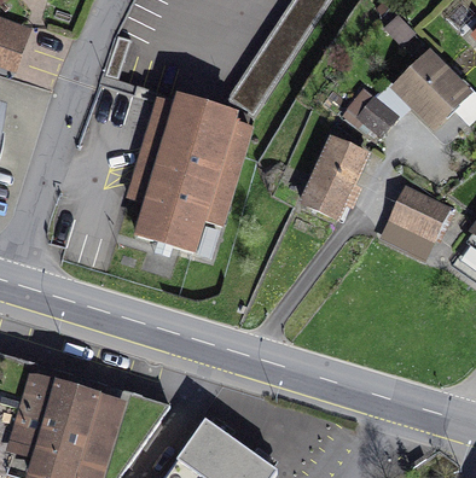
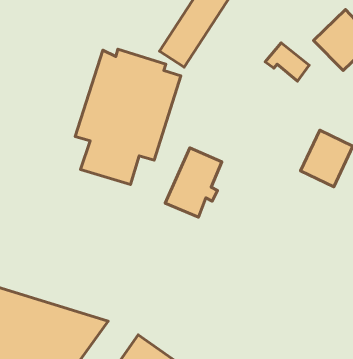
building: [301,138,365,216] -> [165,148,222,217]

